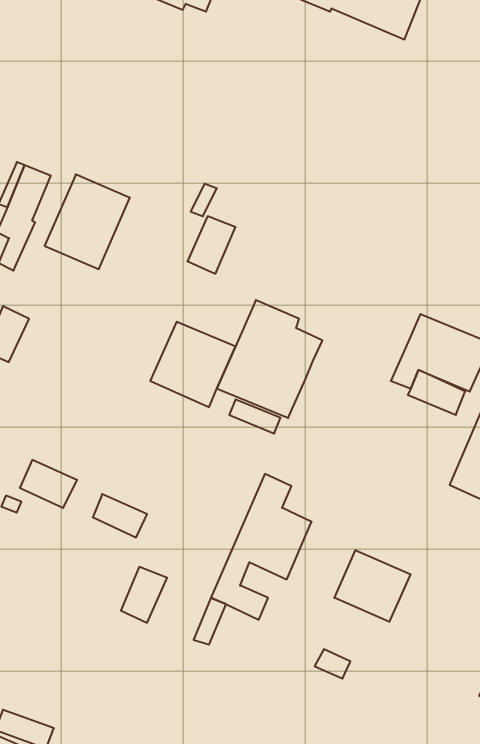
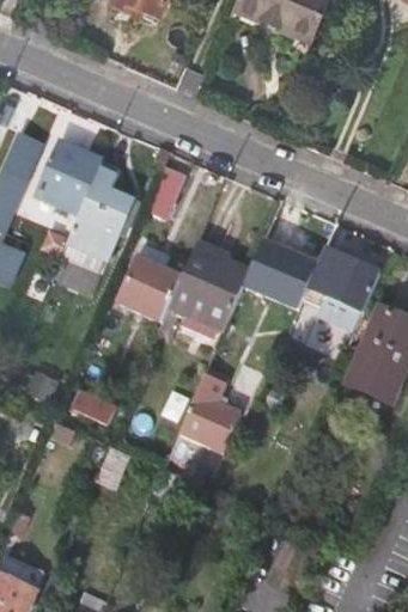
building: none -> [60,161,136,270]
building: none -> [242,244,317,311]
building: [334,550,410,622] -> none

